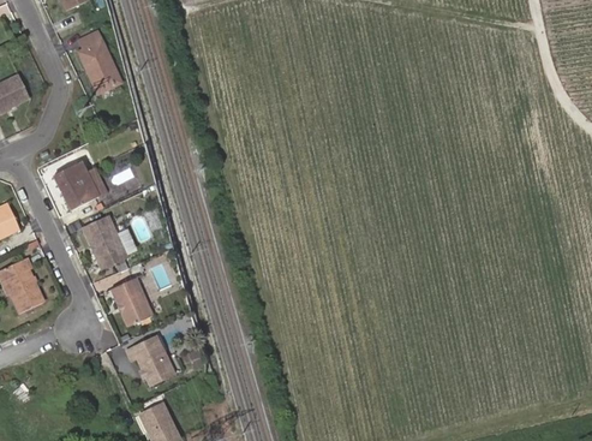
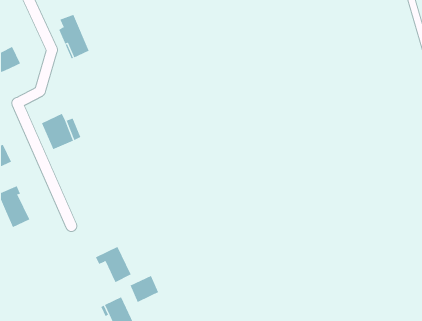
building: [83,215,126,268] -> none
building: [112,278,153,327] -> none
building: none -> [130,275,159,303]

